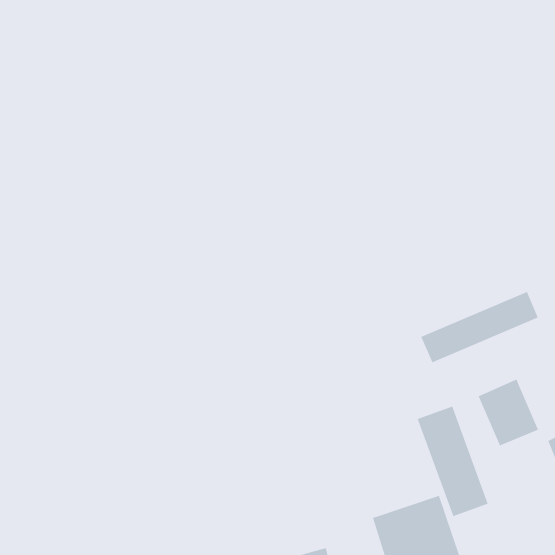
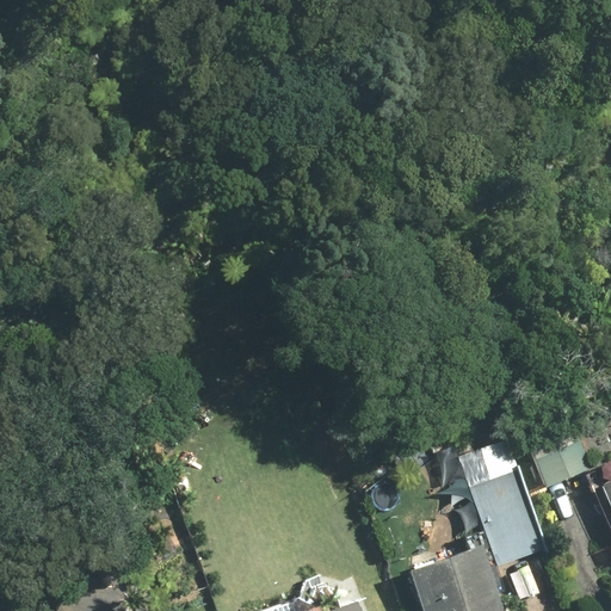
building: [421,291,539,363] -> none

